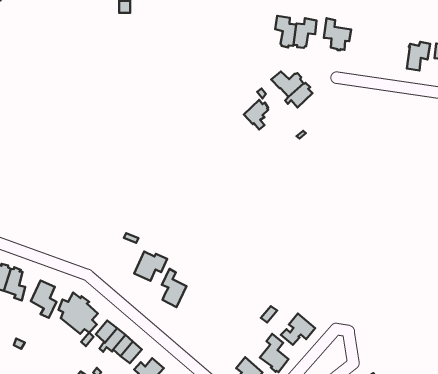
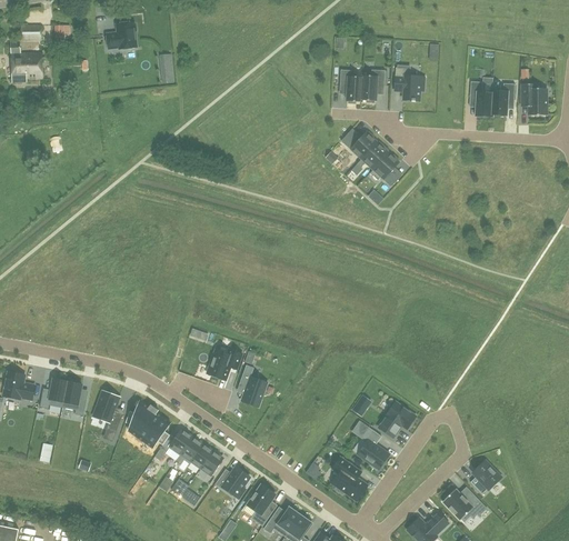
building: none -> [468,81,491,117]
building: [244,100,268,130] -> [371,152,398,186]

